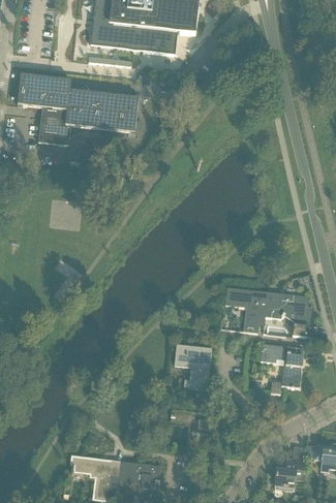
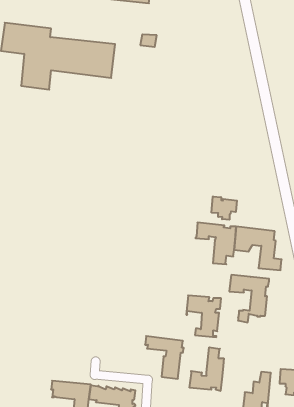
building: none -> [212,196,237,220]
building: [175,344,212,388] -> [186,295,221,337]
building: none -> [190,347,224,391]

